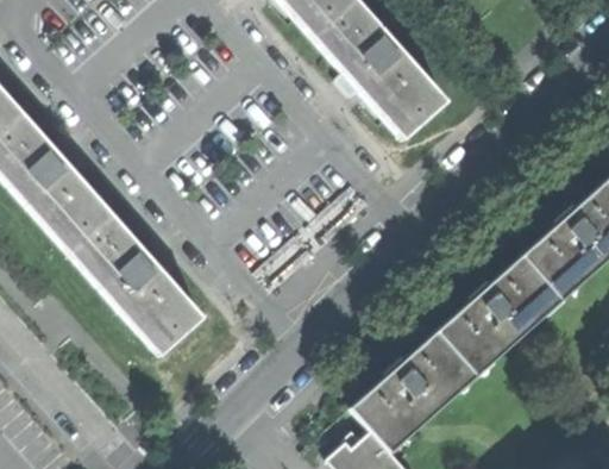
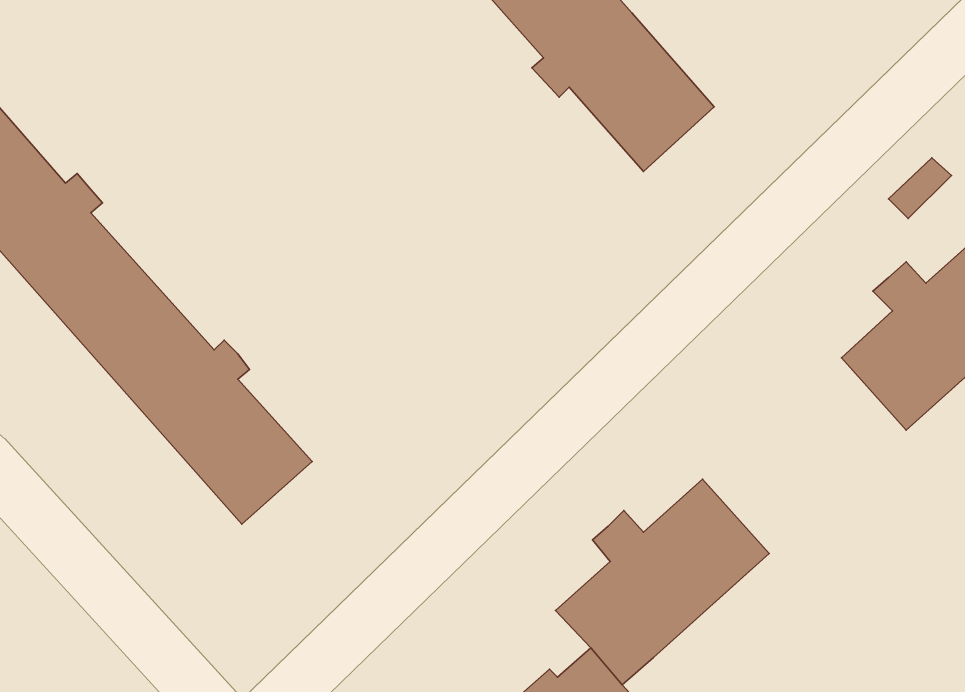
building: [441,252,565,371] -> none

